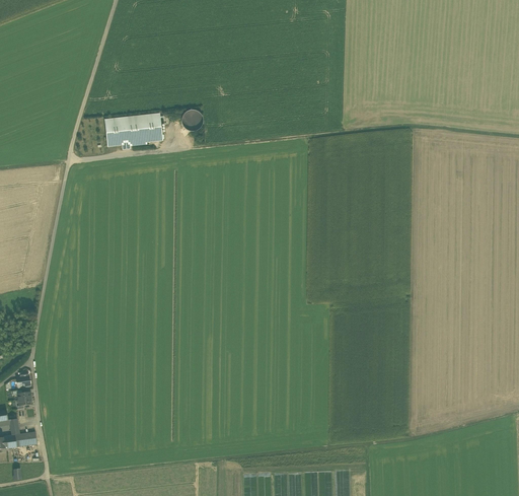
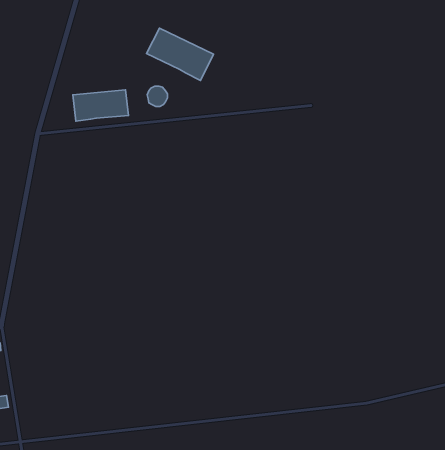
building: none -> [147,28,214,81]

